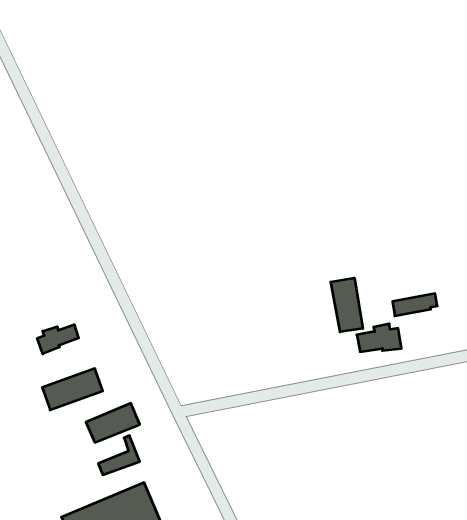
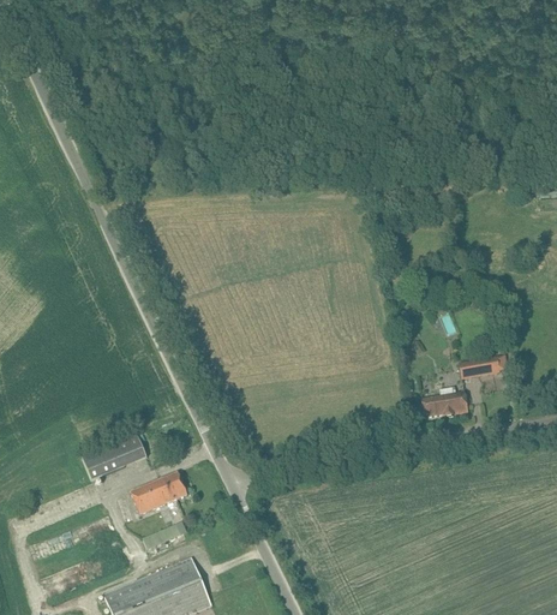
building: [331,278,363,332] -> none
building: [37,325,79,354] -> none

